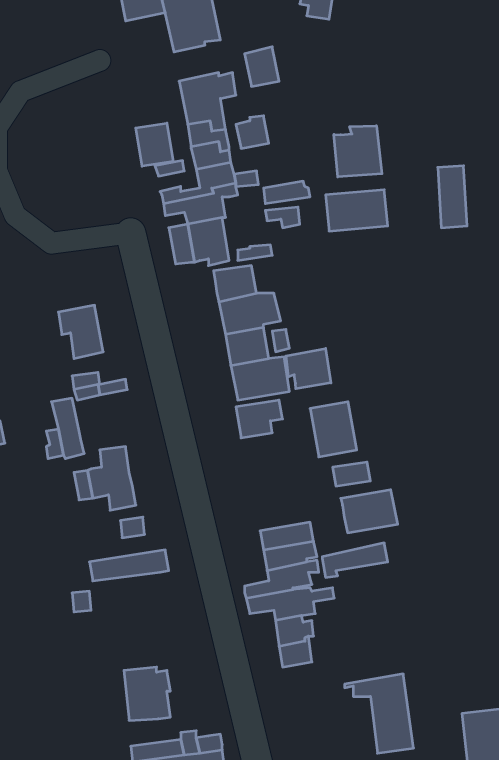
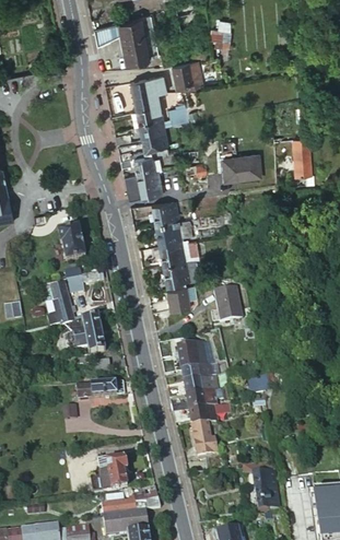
building: [136,123,173,166] -> none
building: [334,126,382,177] -> none
building: [286,348,331,389] -> none
building: [341,490,398,533] -> [178,342,214,369]

